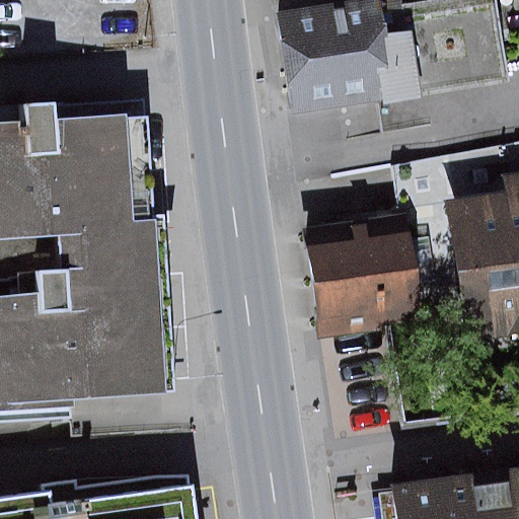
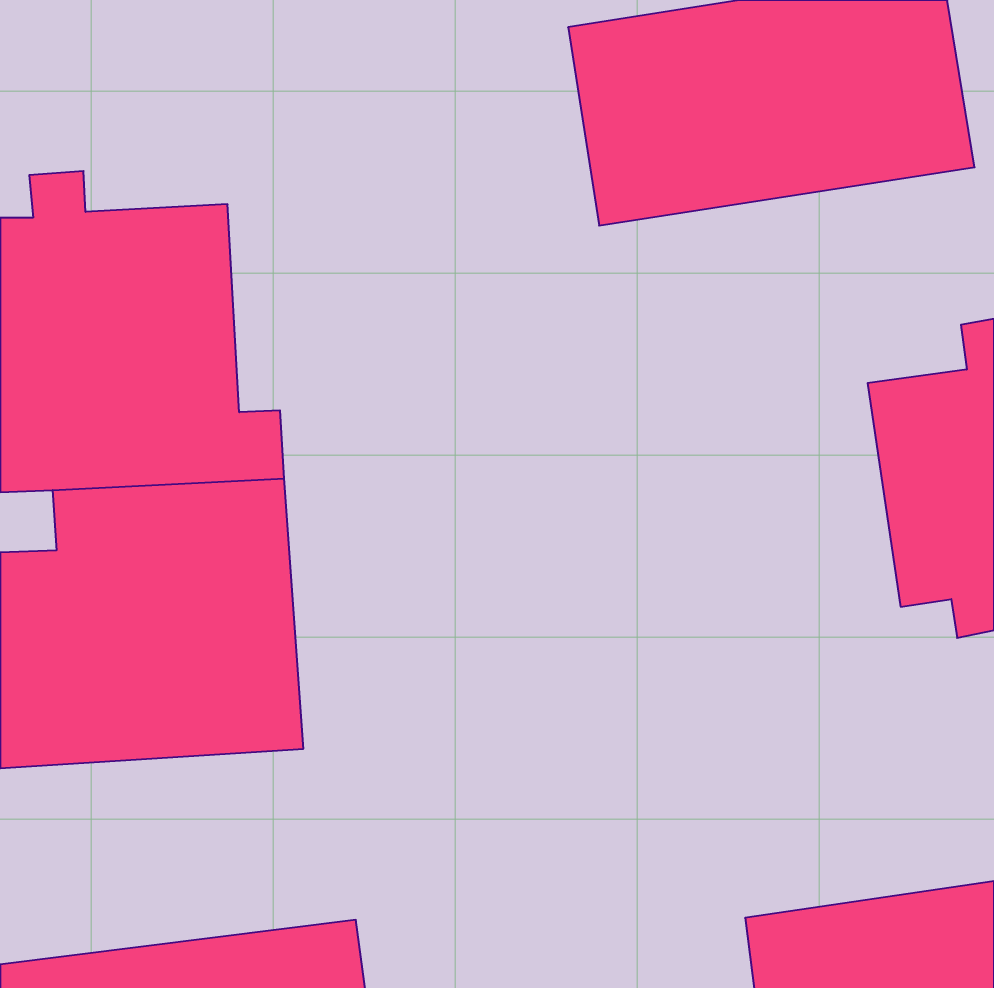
building: [301,208,428,339] -> none

